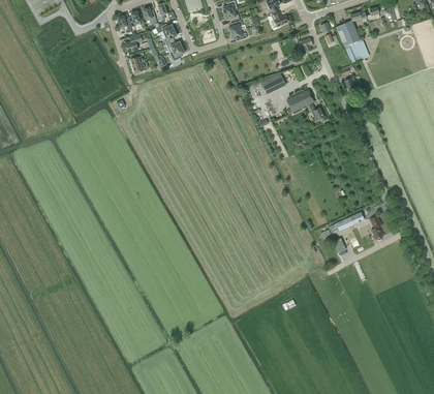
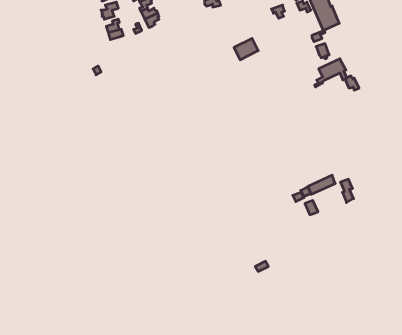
building: [282,89,328,121] -> [315,59,359,90]

